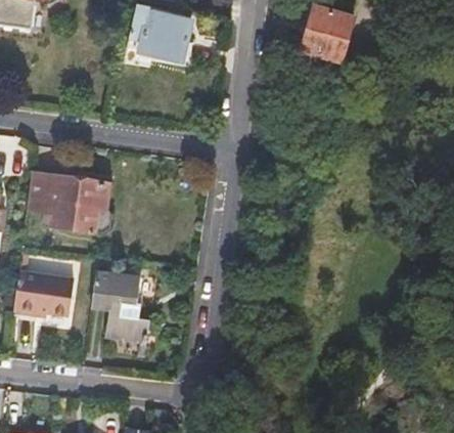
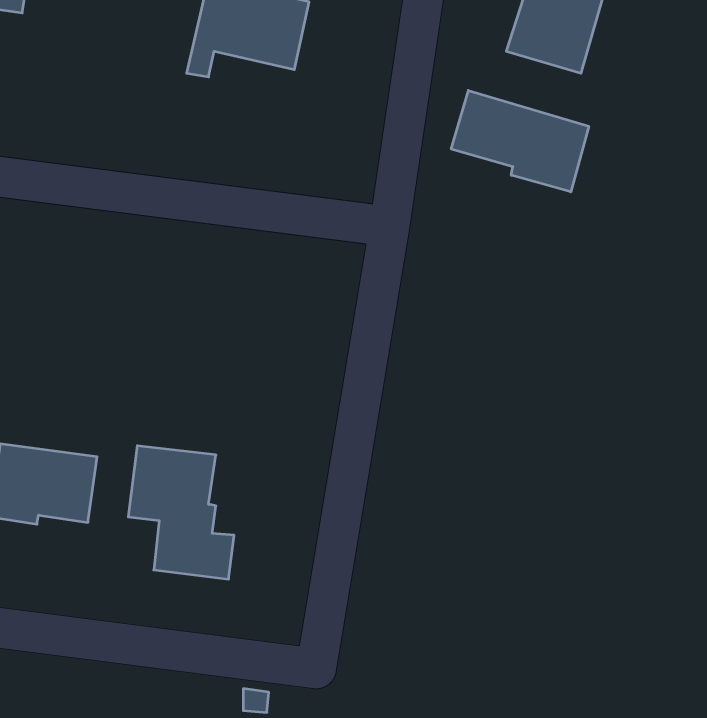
building: none -> [451,90,589,192]
building: [27,172,112,231] -> none

